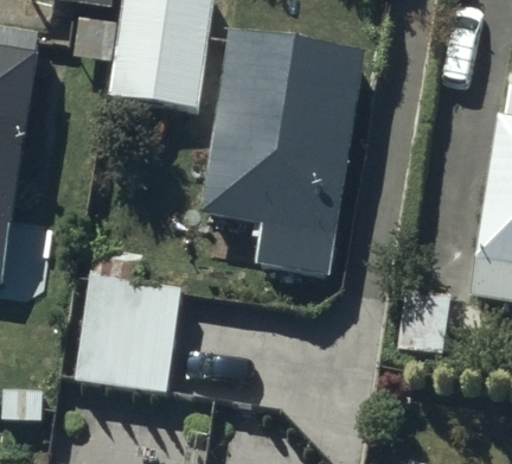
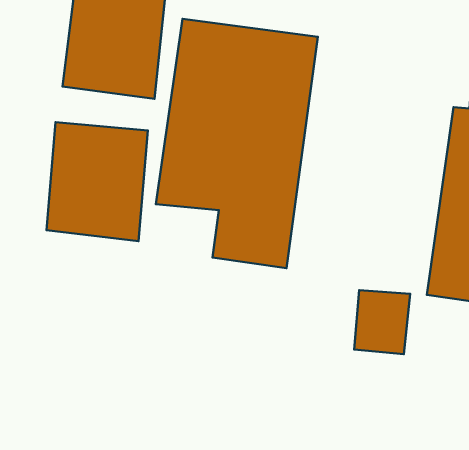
building: none -> [47,122,148,241]
building: [77,273,180,392] -> none

